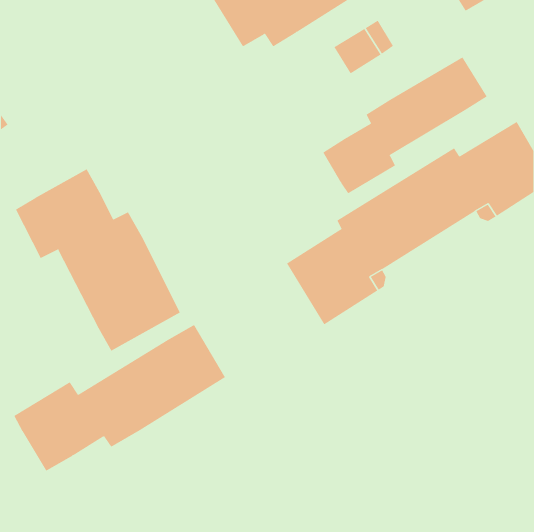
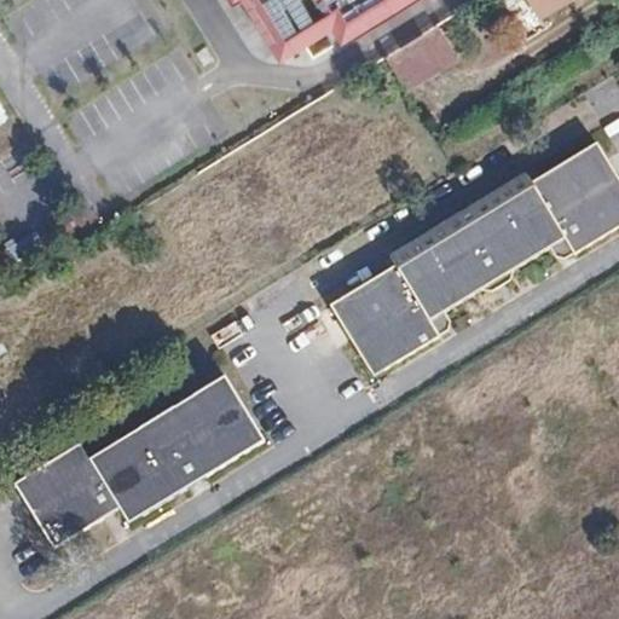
building: [322,56,487,194] -> none
building: [15,169,180,352] -> none

